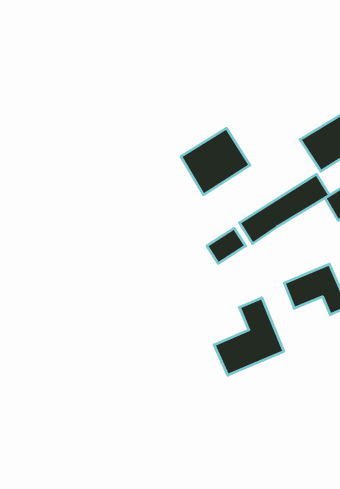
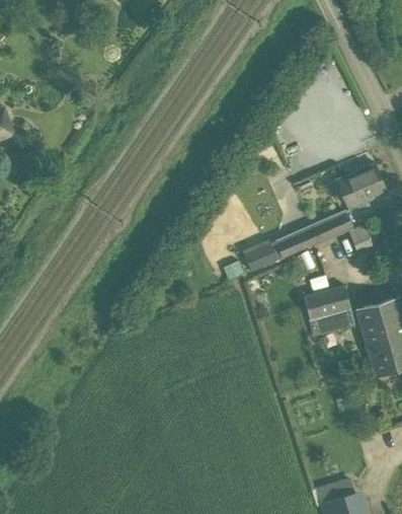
building: [181,128,250,195] -> none
building: [214,298,284,375] -> none

